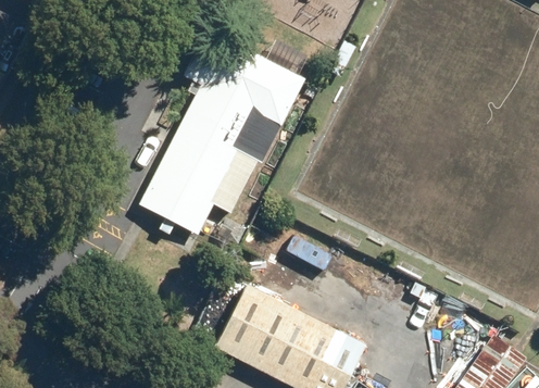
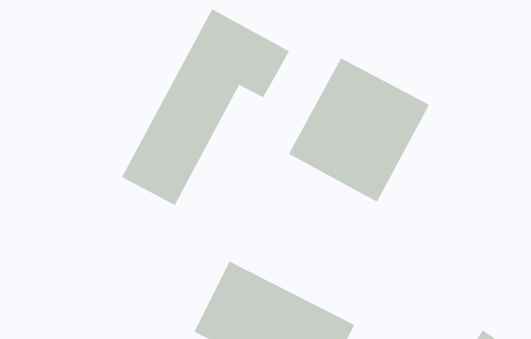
building: none -> [288,57,430,203]

